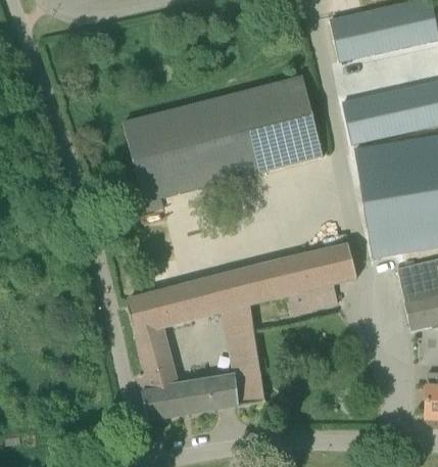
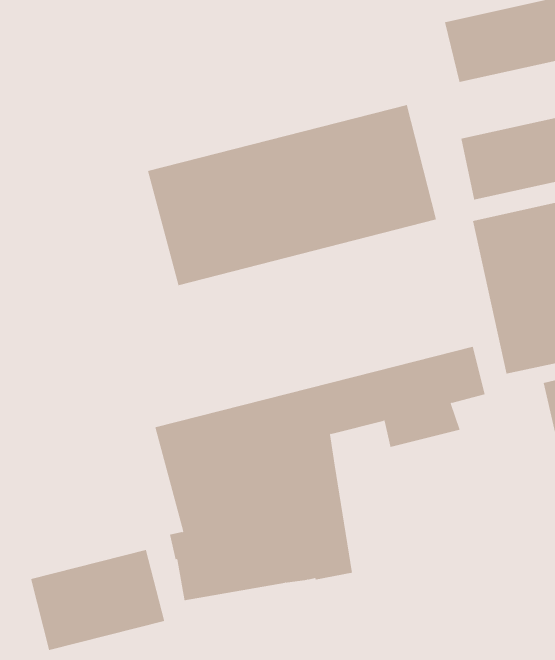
building: none -> [30,549,165,651]

